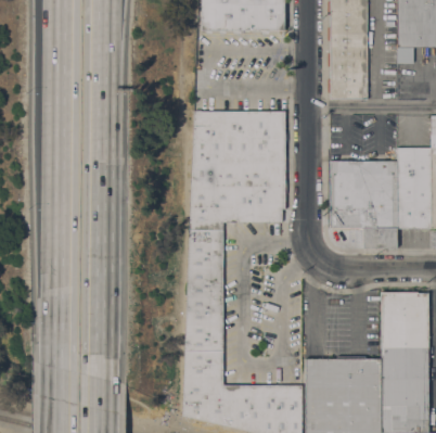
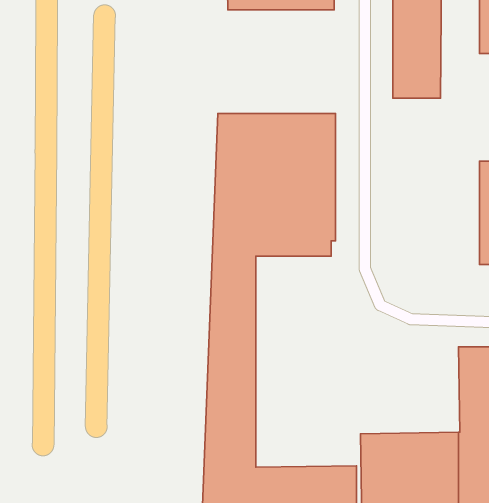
building: [330,161,397,247] -> none

